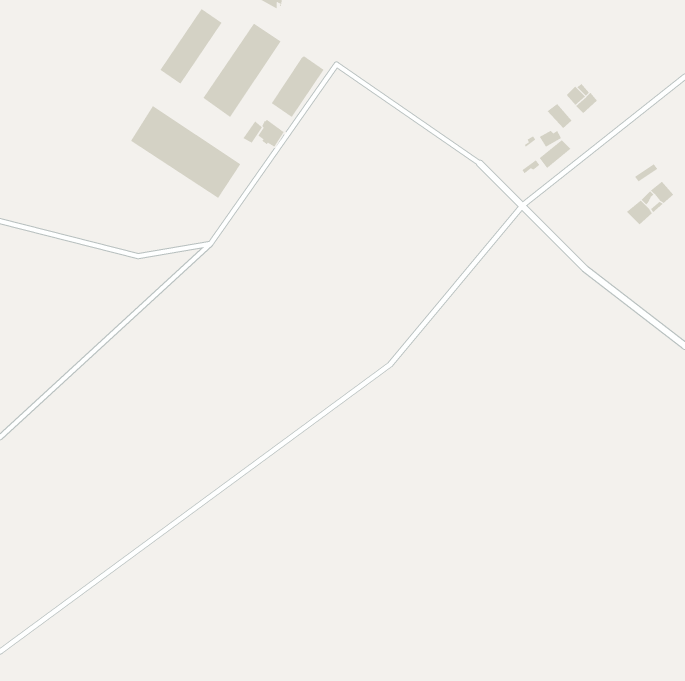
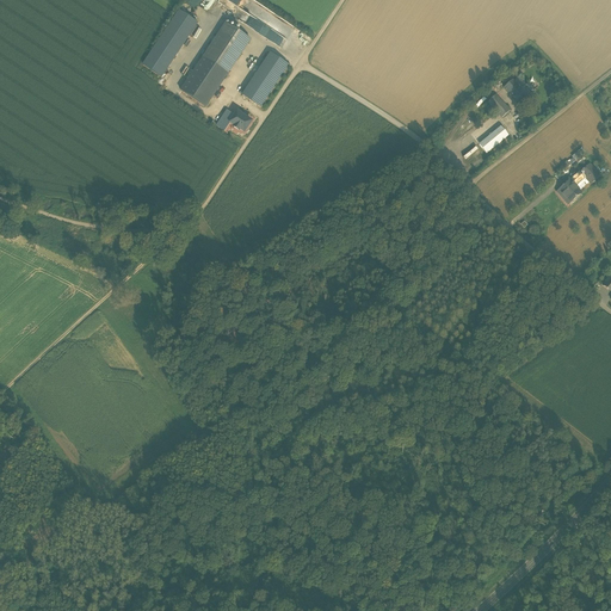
building: [130,105,241,199] -> none

